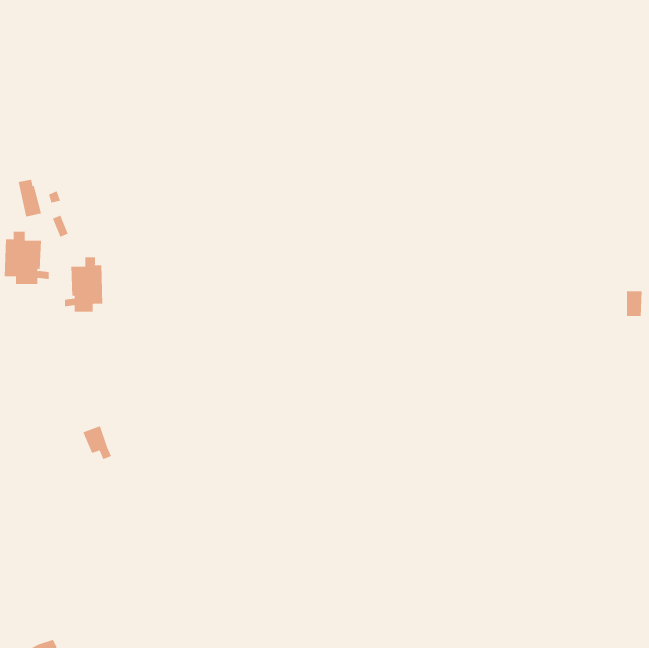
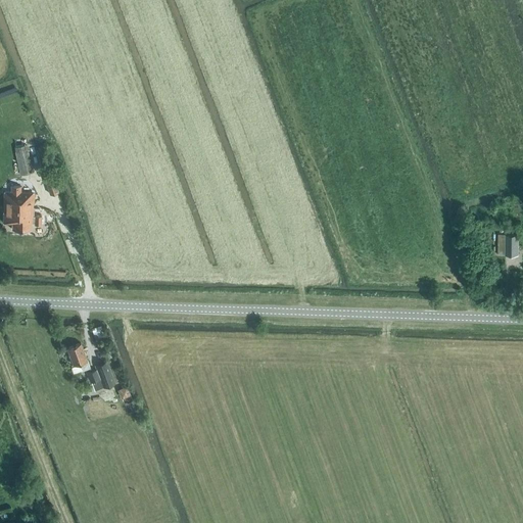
building: [64,257,103,312] -> none
building: none -> [86,362,114,391]

